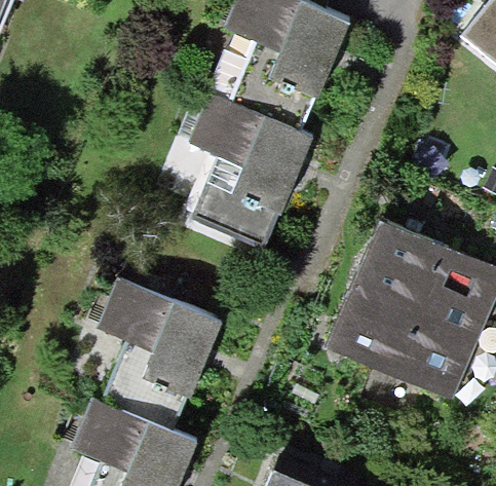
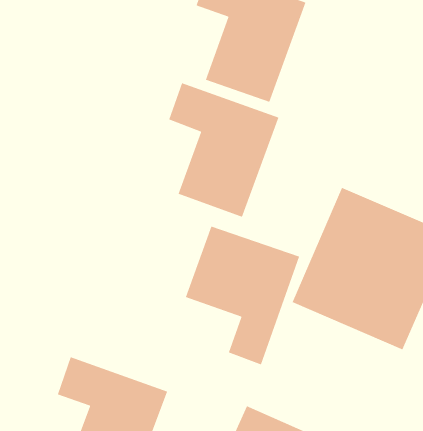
building: none -> [185,225,300,365]
building: [93,281,216,428] -> none

